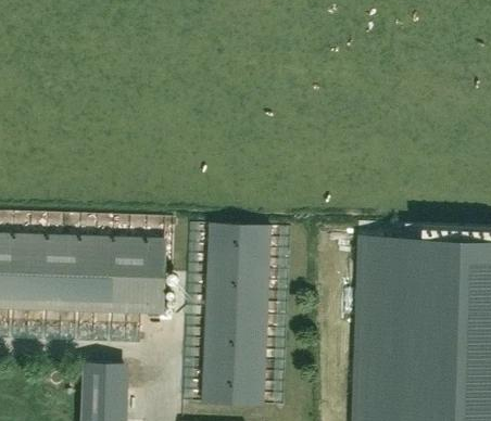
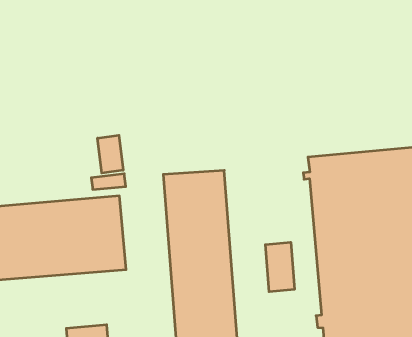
building: none -> [98,135,123,173]
building: none -> [265,242,294,292]

